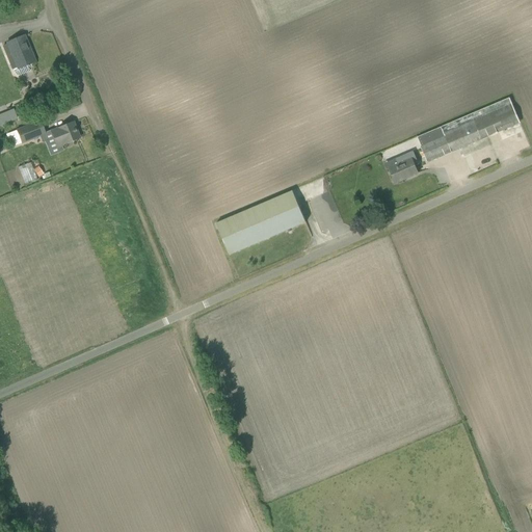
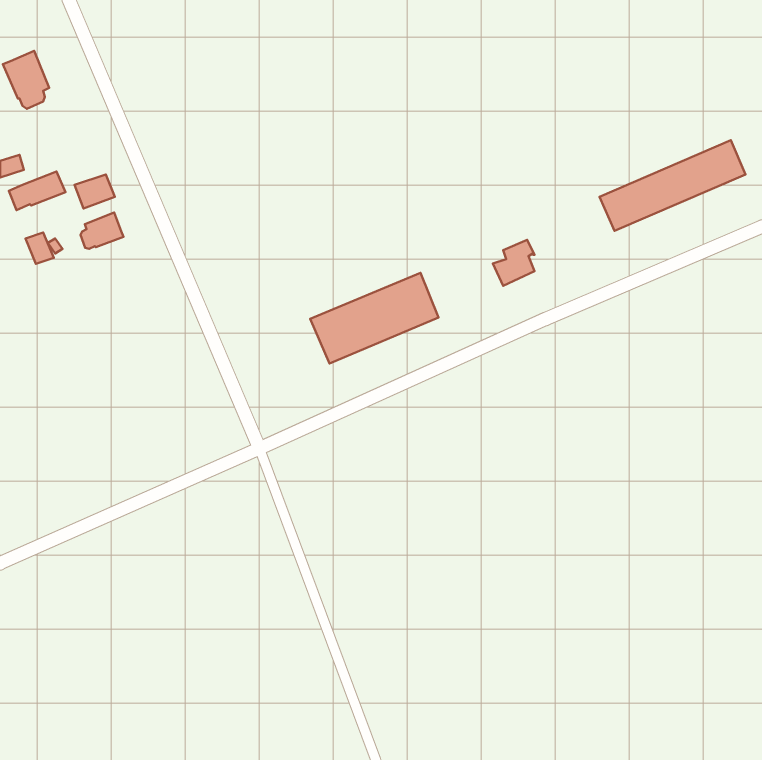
building: none -> [80,212,123,249]
building: [389,151,418,183] -> [493,240,535,286]

